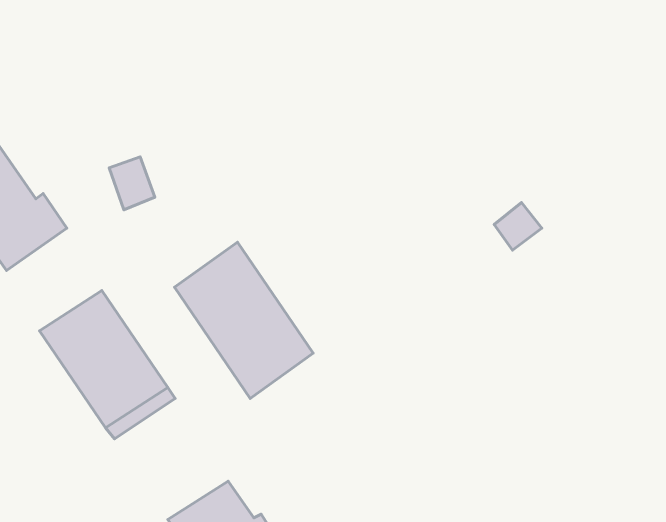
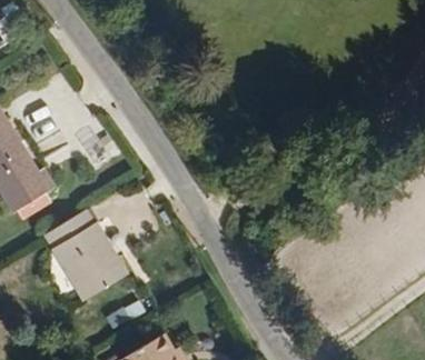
building: [174,242,313,398] -> none

